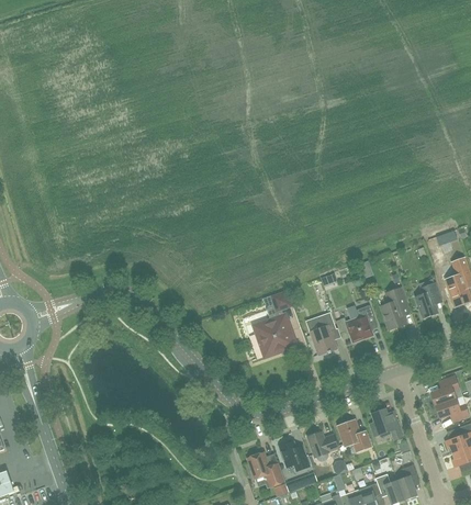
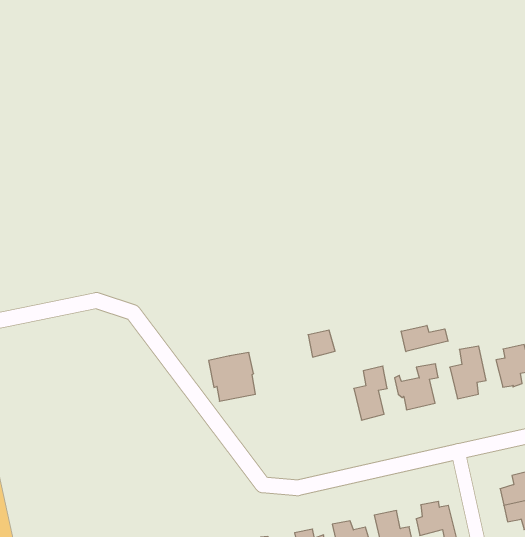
building: none -> [401,325,448,352]
building: [255,315,293,355] -> [209,353,255,401]

